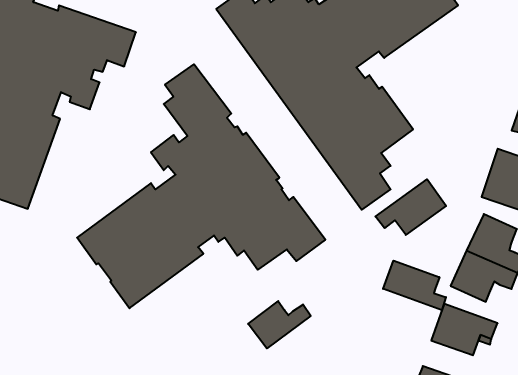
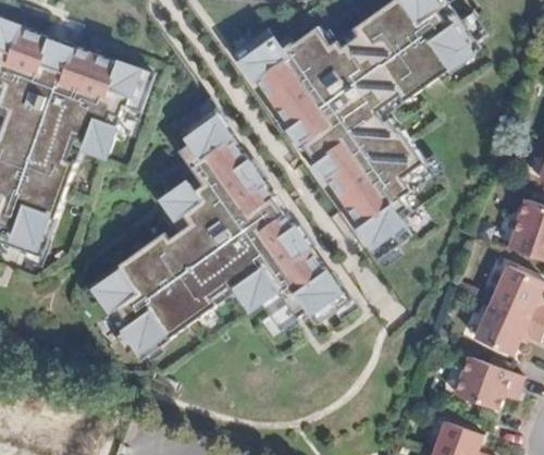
building: [375,179,446,235] -> none
building: [383,261,446,310] -> none
building: [248,301,311,348] -> none

